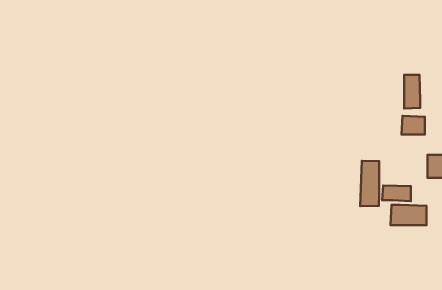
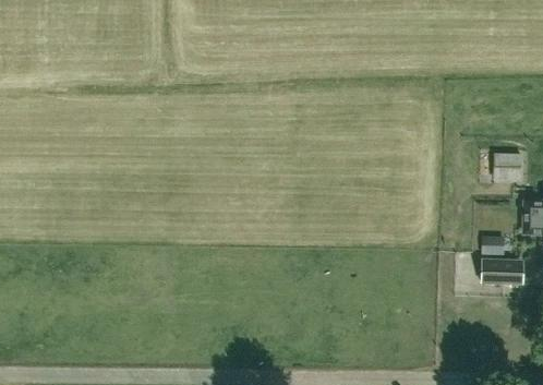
building: [404,75,420,109] -> none
building: [360,161,379,206] -> none

